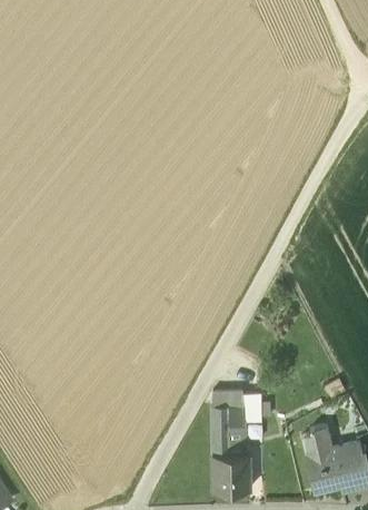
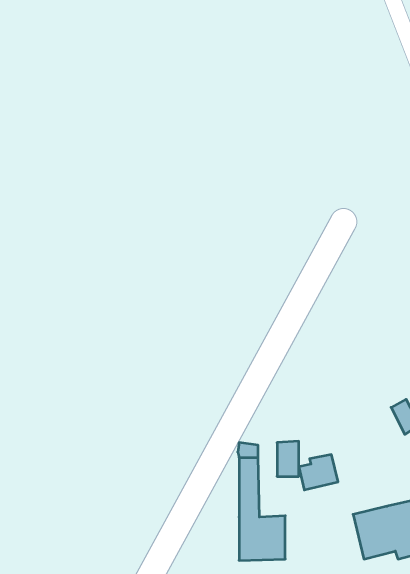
building: [301,424,334,453] -> [299,455,338,490]

